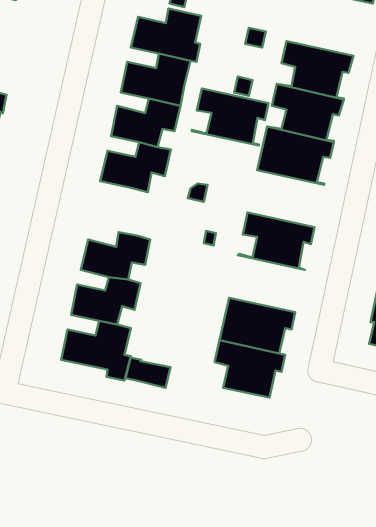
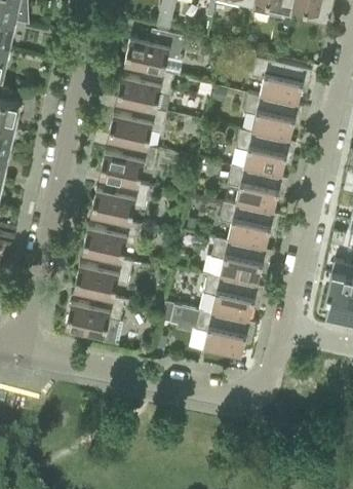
building: [192,89,269,146] -> [223,166,287,215]
building: none -> [90,181,150,222]
building: none -> [202,238,271,287]
building: [125,358,171,388] -> [161,302,199,328]

